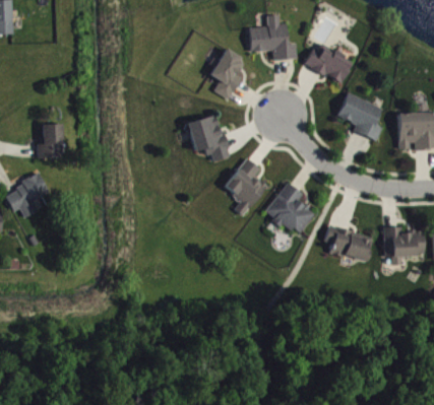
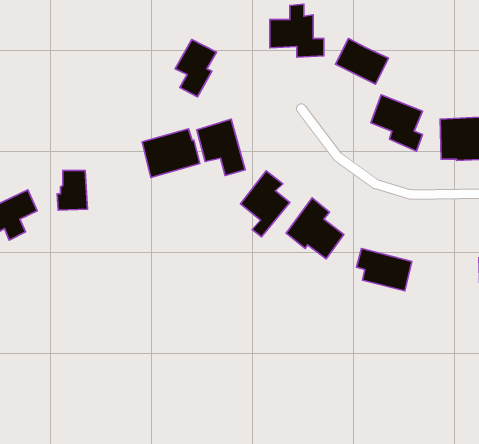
building: [210,50,246,99] -> [175,39,216,97]
building: none -> [142,129,200,177]
building: [37,124,63,158] -> [57,170,88,210]
building: [383,226,424,265] -> none

